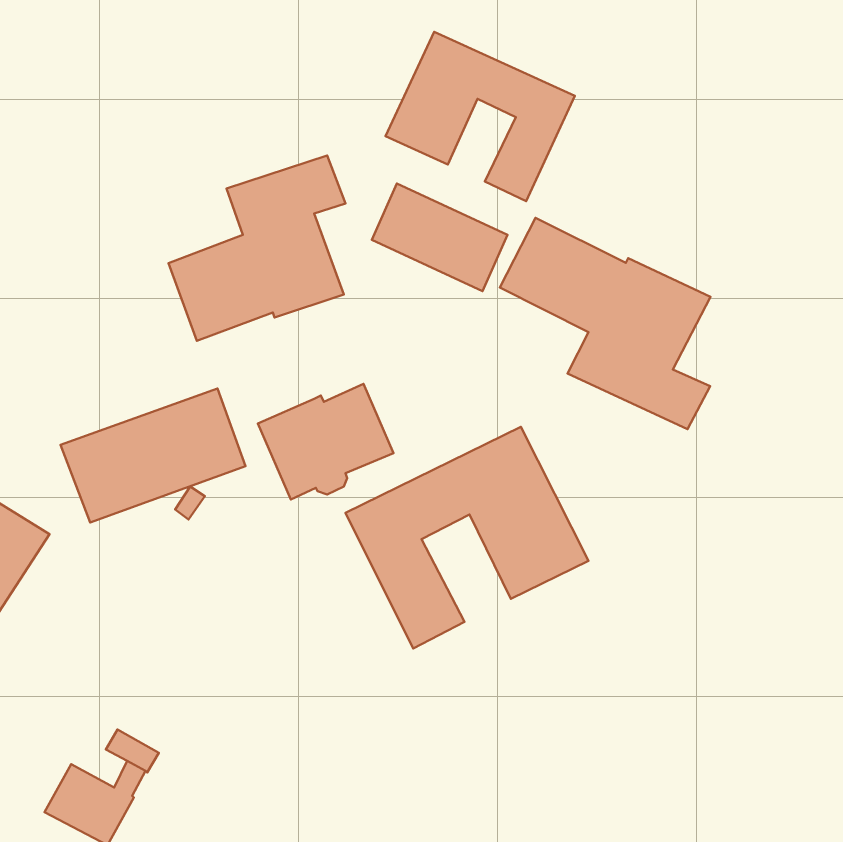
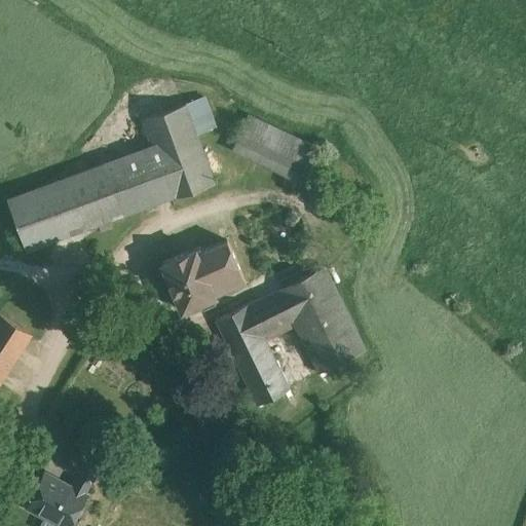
building: [385,32,575,201] -> none
building: [500,218,711,429] -> none
building: [60,389,246,523] -> [7,165,122,249]

